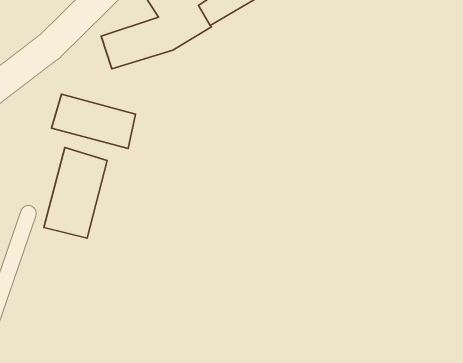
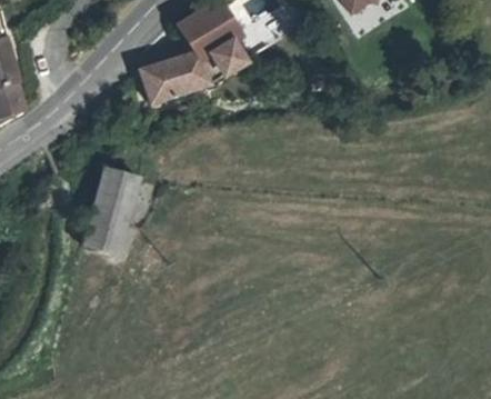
building: [52,94,135,148] -> none

